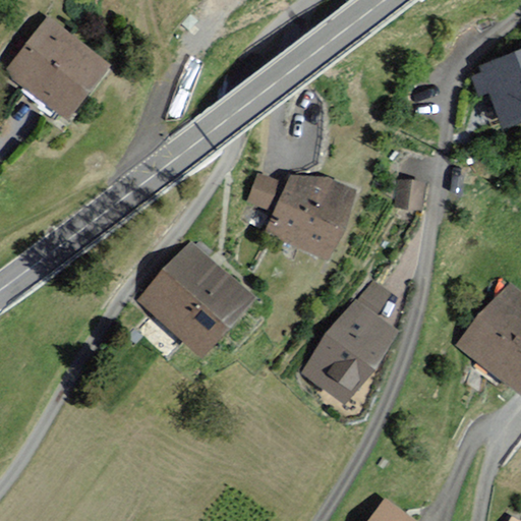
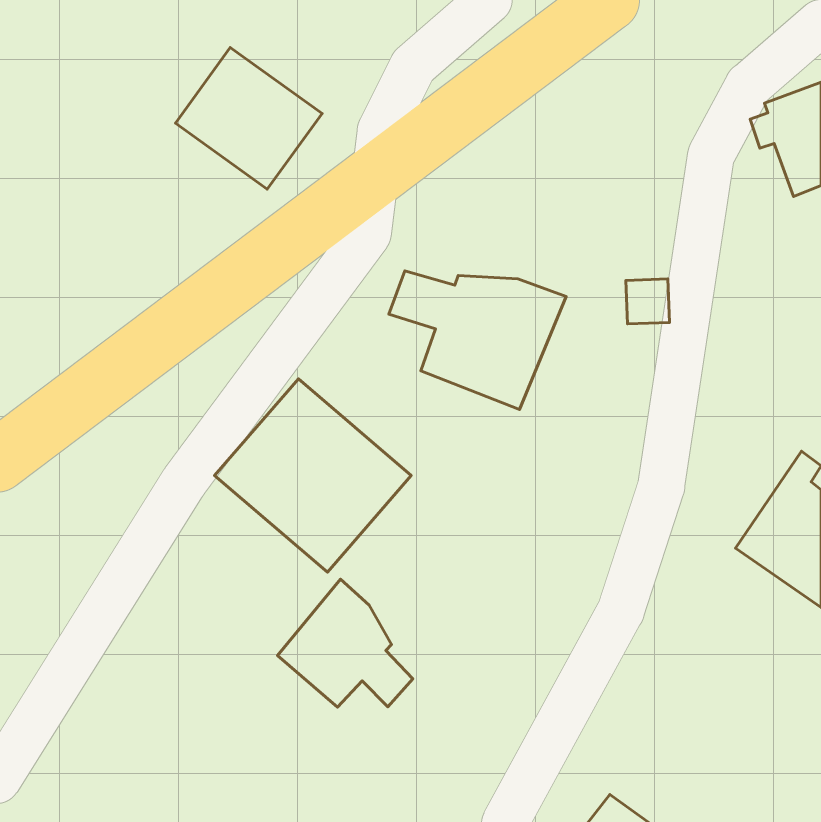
building: [11,22,104,112] -> [175,47,322,189]
building: [305,286,393,401] -> none
building: none -> [277,579,413,707]

